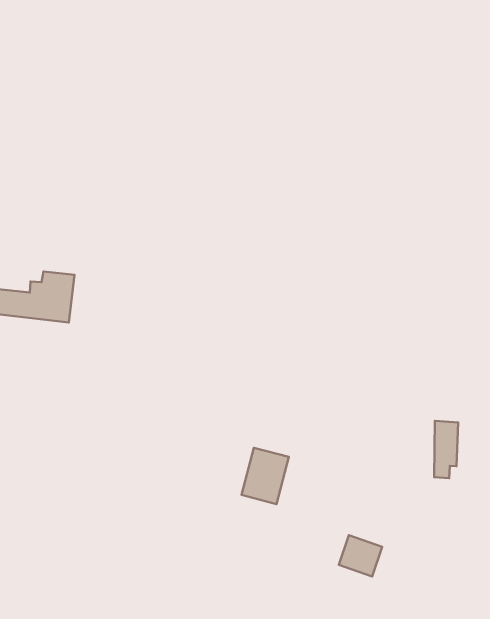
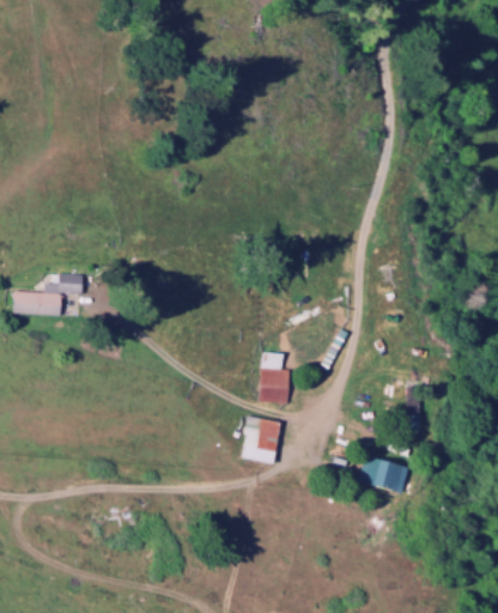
building: none -> [259,352,289,402]
building: [339,535,382,576] -> [370,459,407,493]

